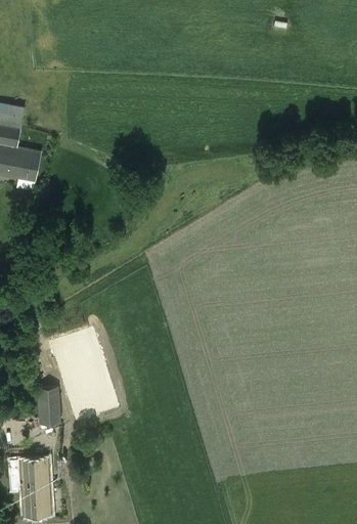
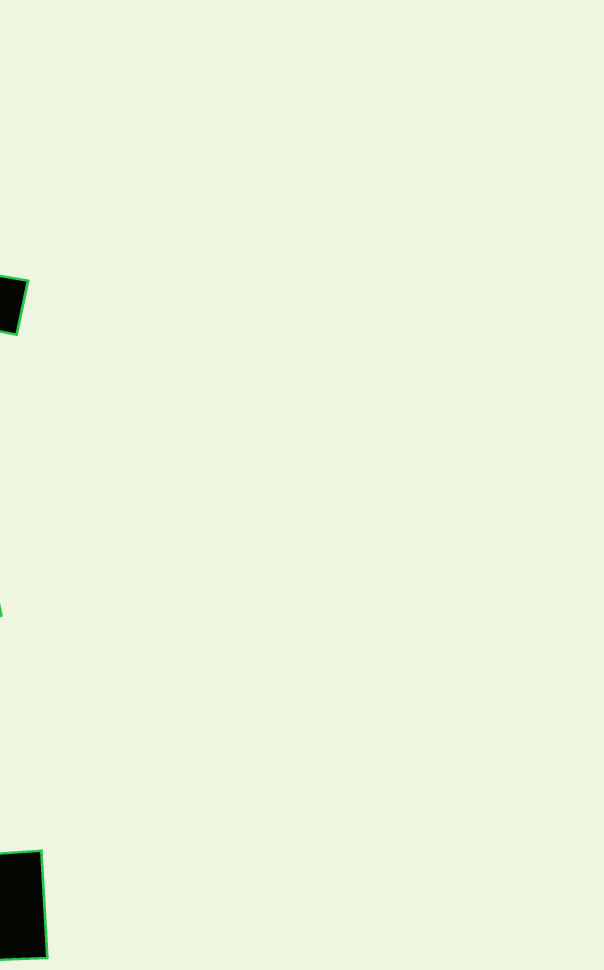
building: [37,388,59,426] -> none

